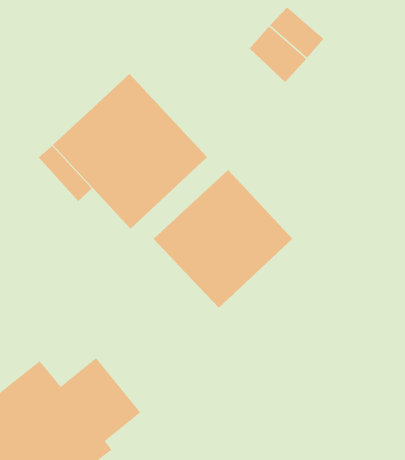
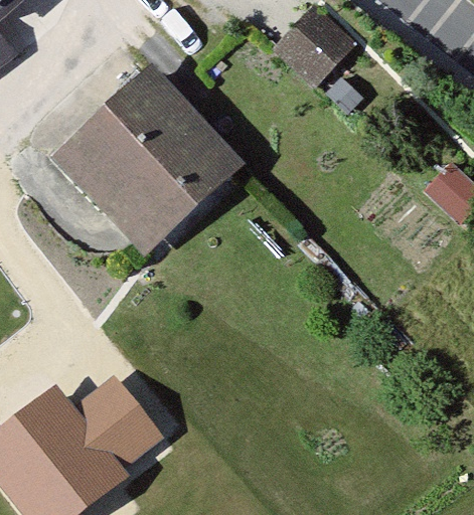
building: [153,169,293,308] -> none

